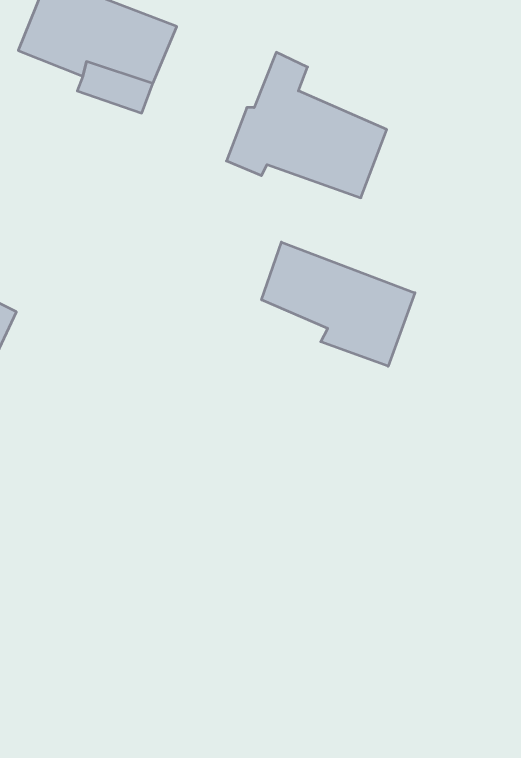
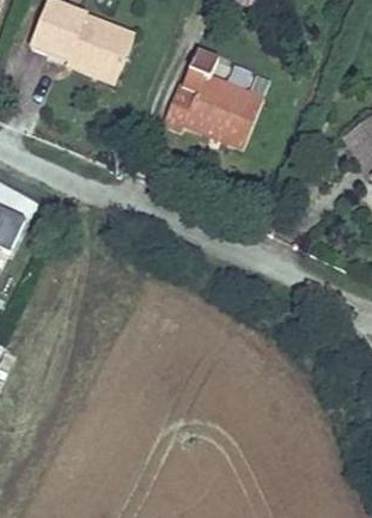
building: [262,242,415,366] -> none

